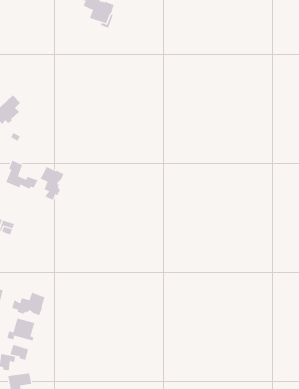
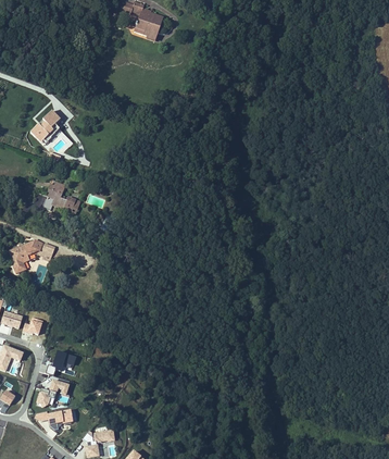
building: [40,166,64,201] -> none
building: [12,292,45,316] -> none

